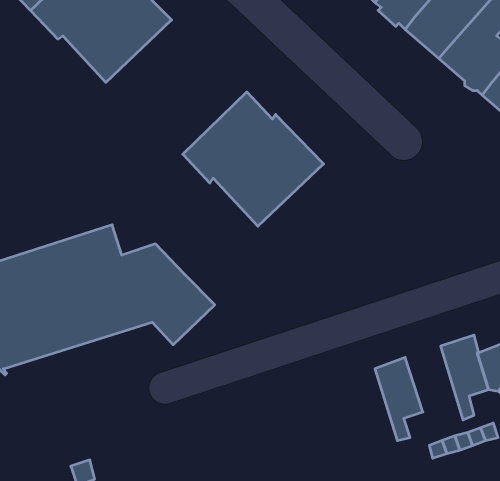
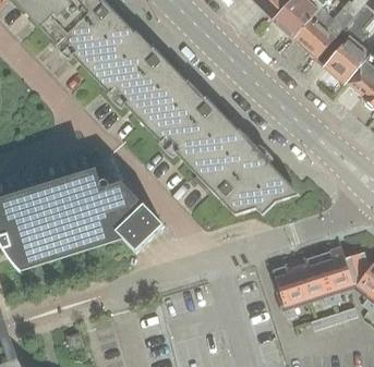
building: none -> [91,30,186,122]
building: none -> [194,129,300,213]
building: none -> [294,253,334,305]

